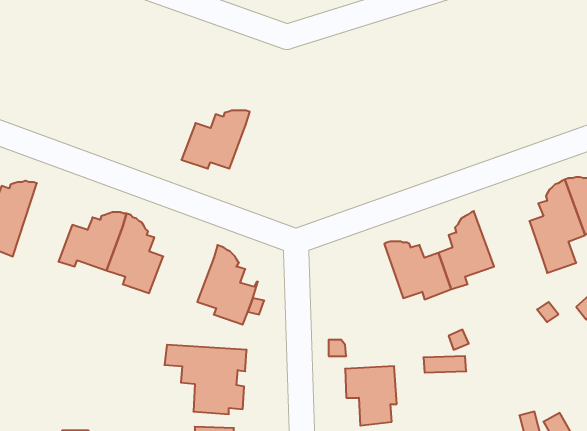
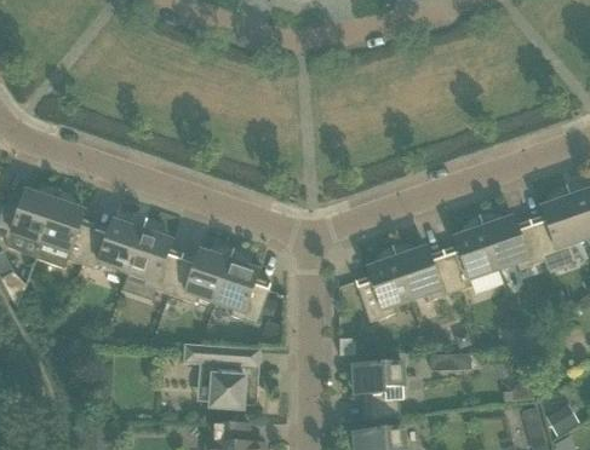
building: [181,110,250,169] -> [167,246,233,301]
building: none -> [36,188,93,267]
building: none -> [479,213,544,269]
building: none -> [355,246,411,321]

